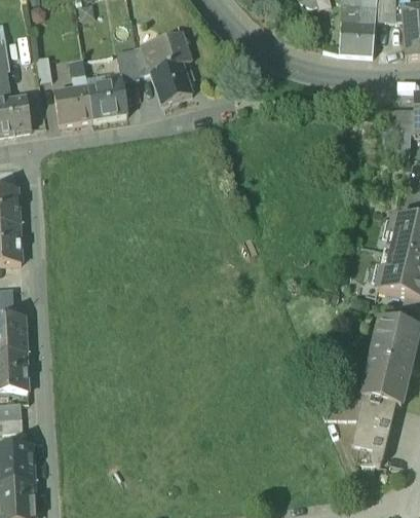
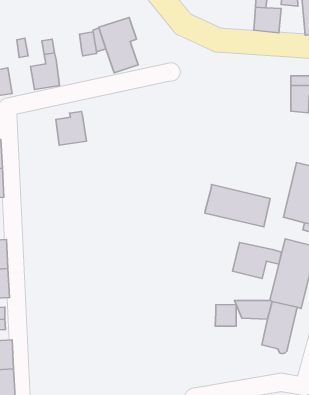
building: [87,75,126,118] -> [56,112,86,145]
building: none -> [205,185,270,227]
building: none -> [233,243,282,279]
building: none -> [215,305,236,326]

